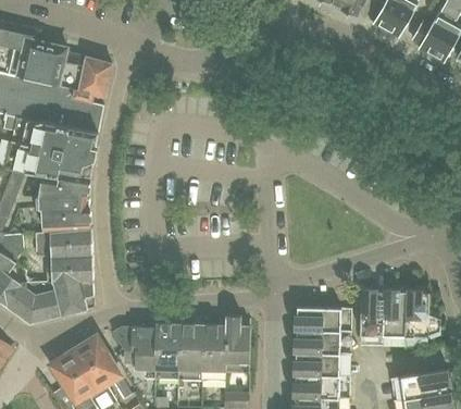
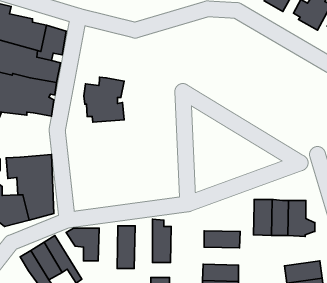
building: [38,171,91,231] -> [84,77,124,122]
building: [294,306,341,330] -> none
building: [153,321,179,379] -> none
building: [201,322,225,380] -> none
building: [292,350,340,374] -> none

